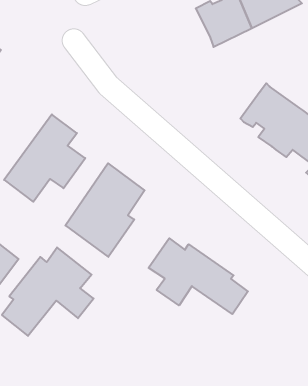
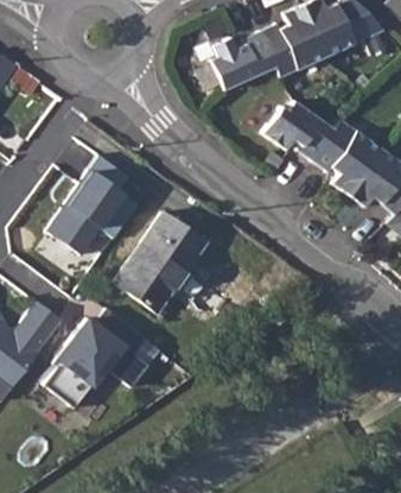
building: none -> [215,33,280,91]
building: none -> [263,100,337,159]
building: [149,238,248,314] -> none

